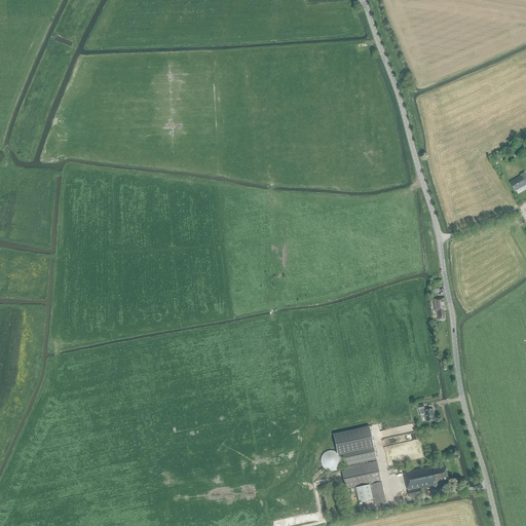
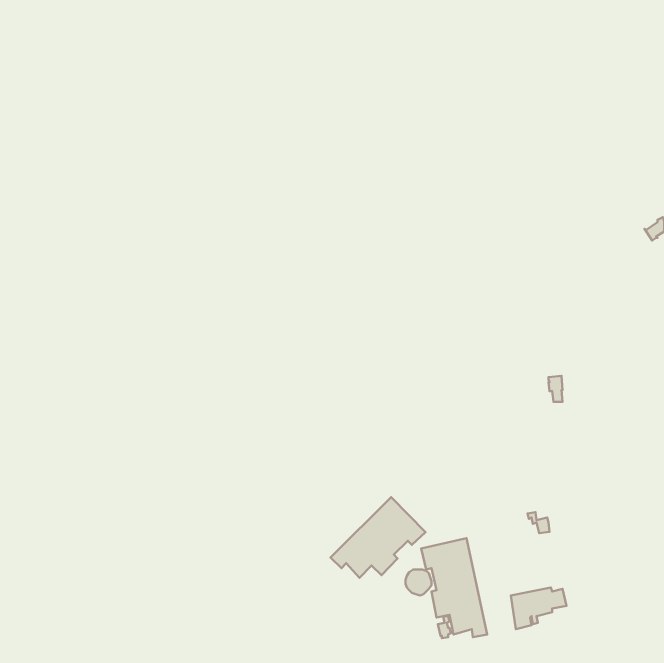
building: none -> [330,497,426,578]

